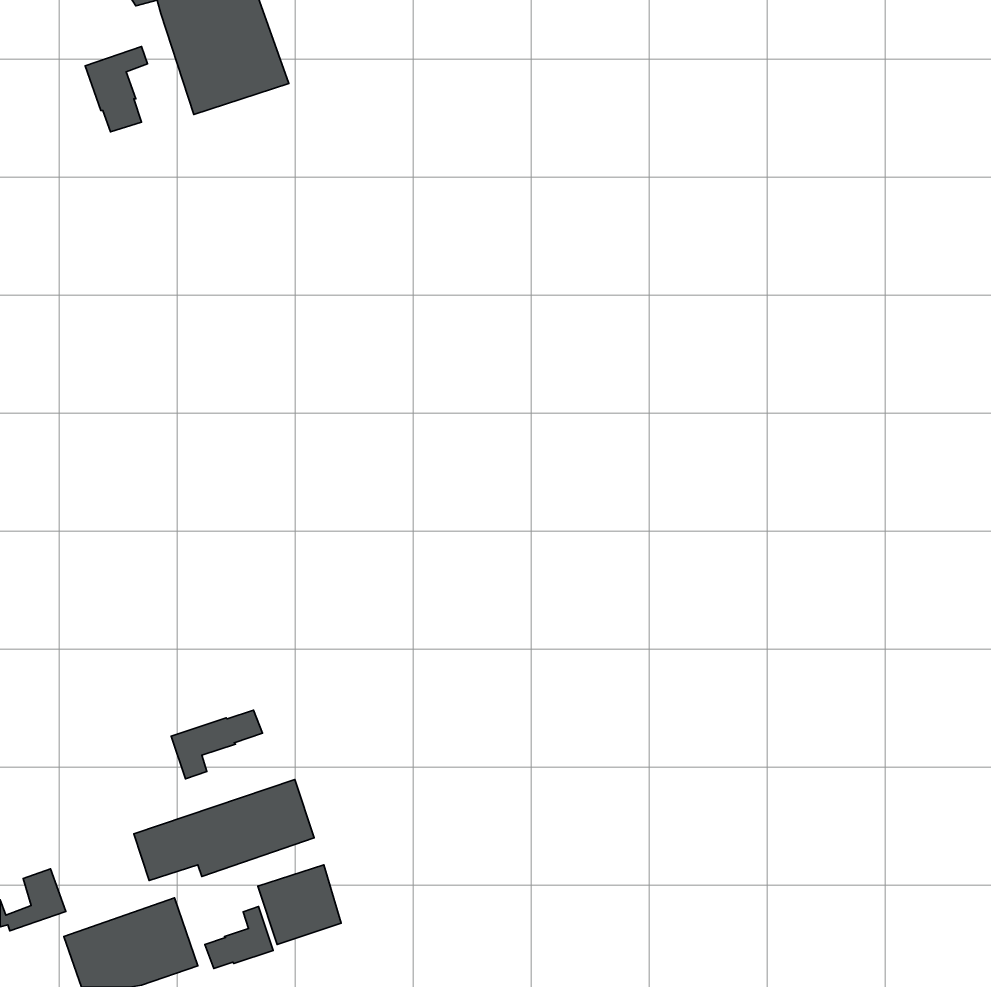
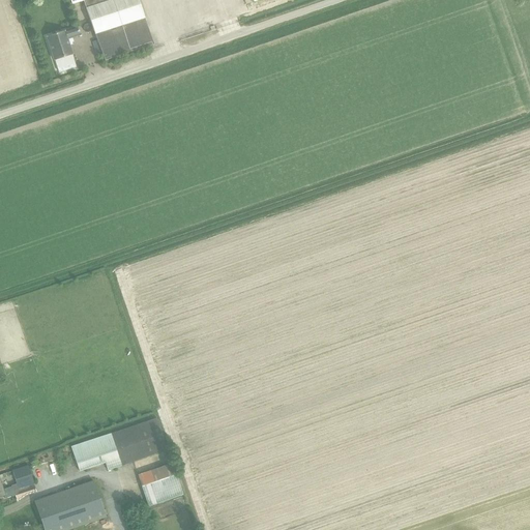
building: [171,710,263,779] -> none
building: [205,906,273,968] -> none

